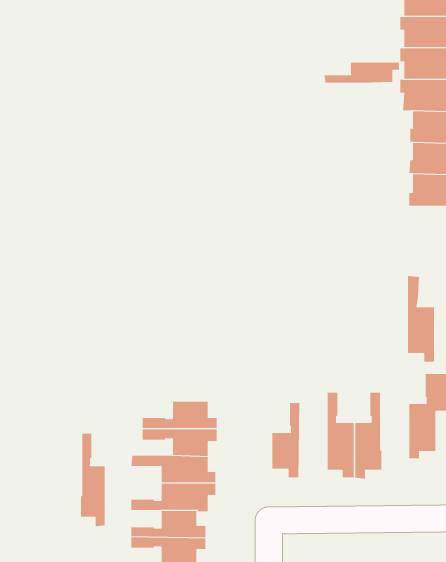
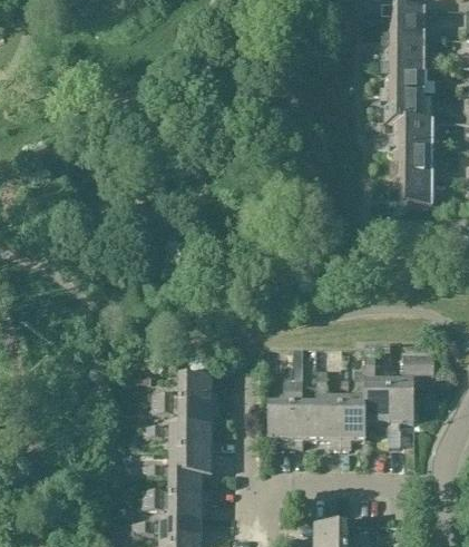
building: [324,62,400,83] -> none
building: [407,275,435,362] -> [365,350,390,427]
building: none -> [293,377,317,443]
building: [81,433,105,527] -> none

